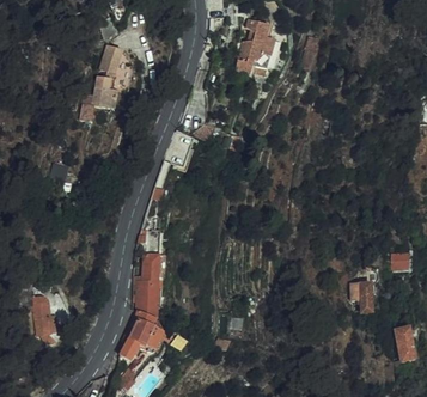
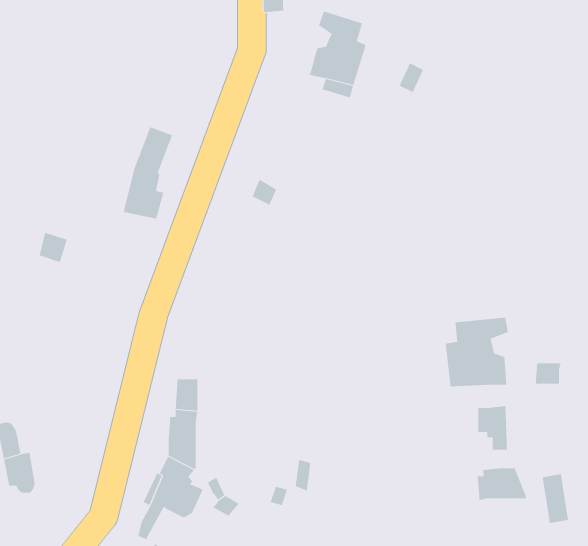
building: [87,48,121,110] -> [123,126,173,219]
building: none -> [445,317,508,387]
building: none -> [477,468,527,501]

